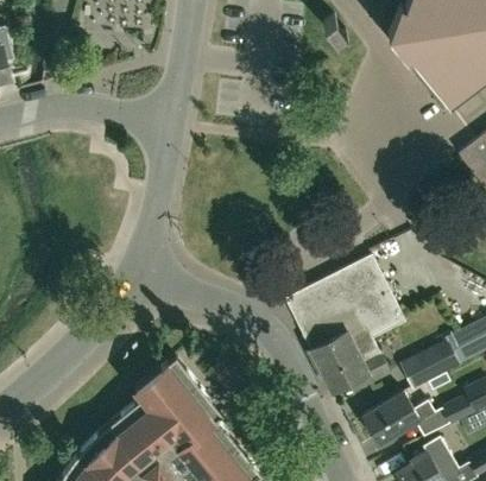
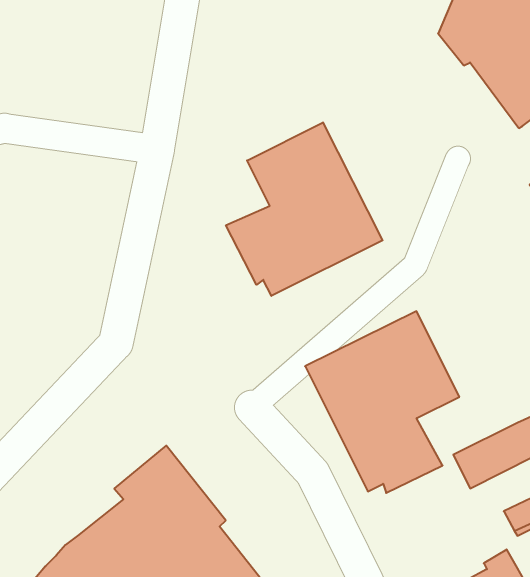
building: none -> [226,122,383,296]
building: [361,393,435,444] -> none

